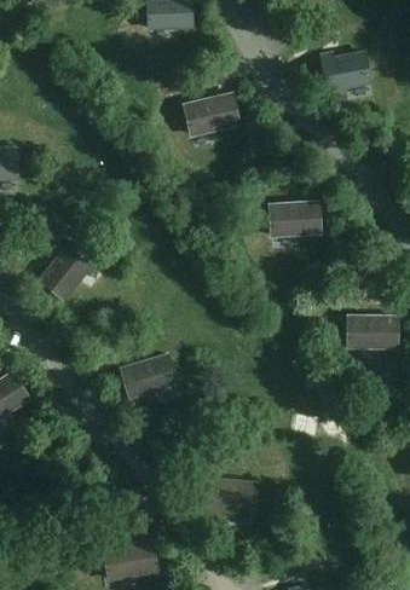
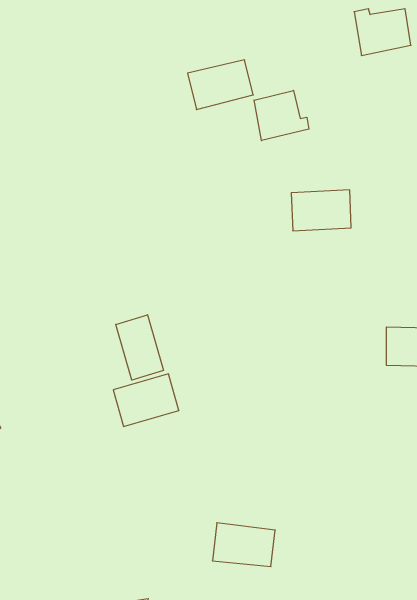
building: none -> [254,90,309,141]
building: [40,243,94,300] -> none
building: none -> [116,315,164,380]

